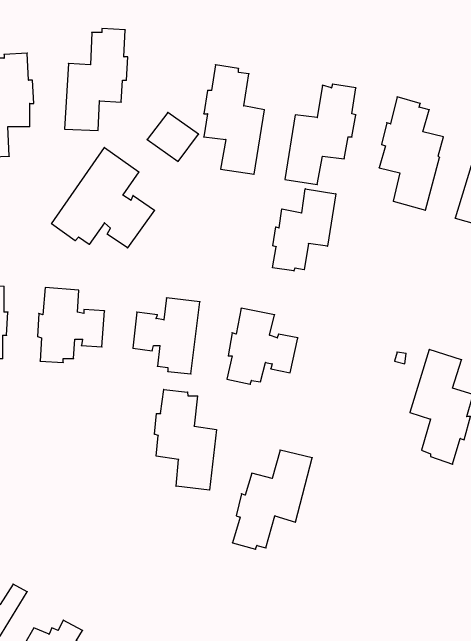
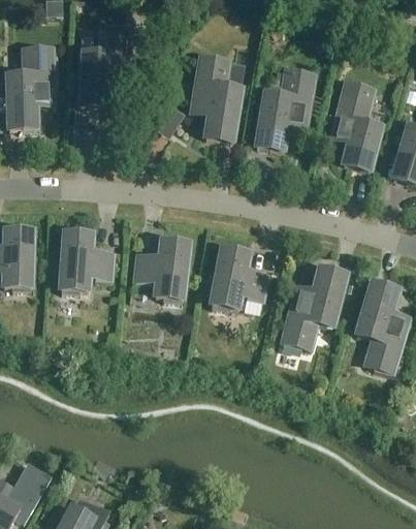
building: [52,147,155,248] -> none
building: [273,189,336,271] -> none
building: [154,389,216,490] -> none
building: [232,450,312,549] -> [282,269,346,348]

